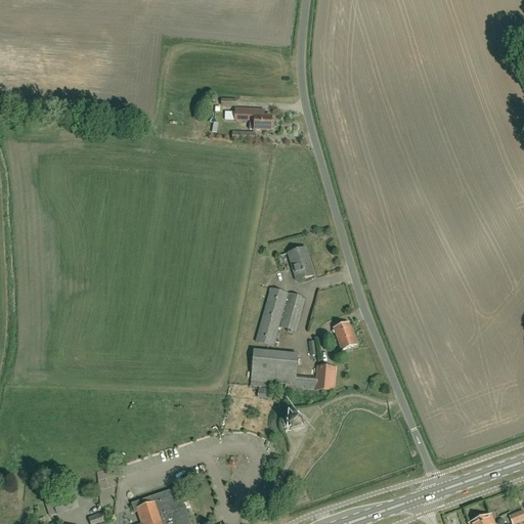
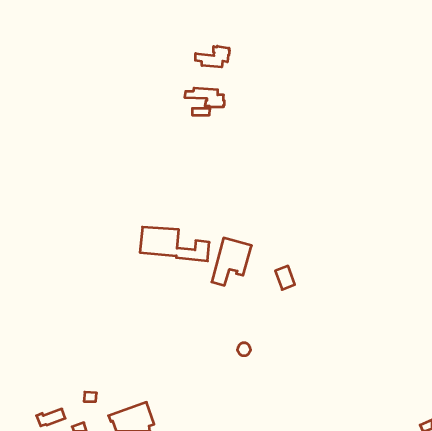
building: none -> [195,46,230,67]
building: [288,247,313,279] -> none
building: [250,349,334,390] -> [140,227,209,261]

